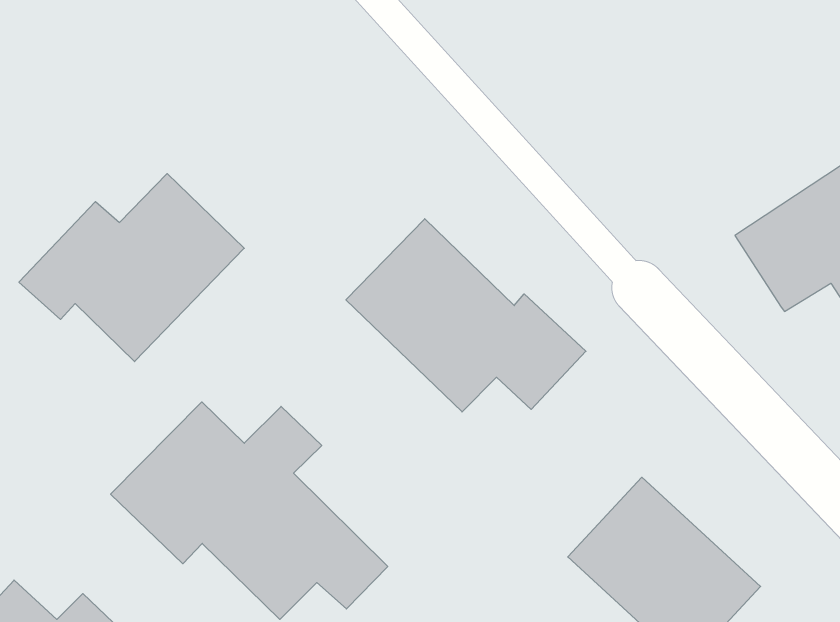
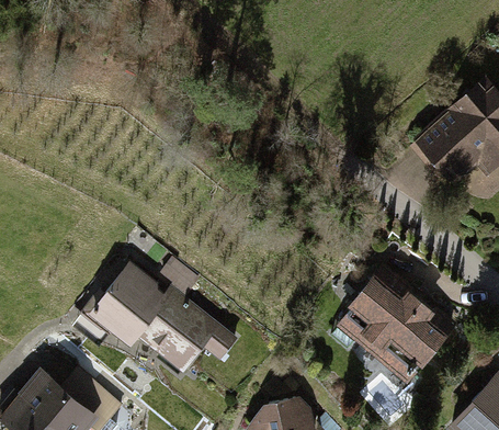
building: [19,174,244,362] -> none
building: [346,219,586,412] -> none

